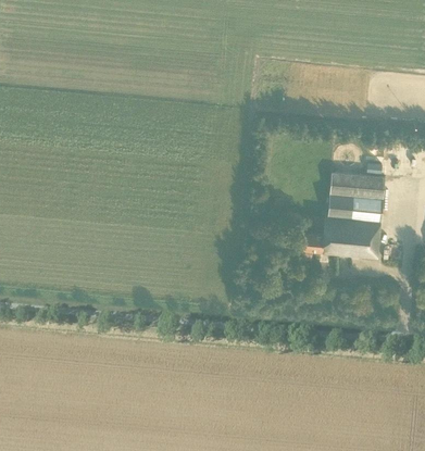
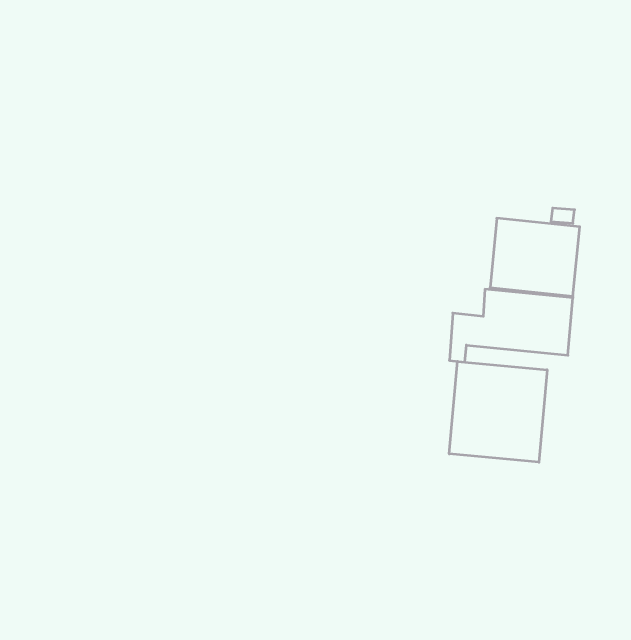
building: none -> [449,361,547,462]

